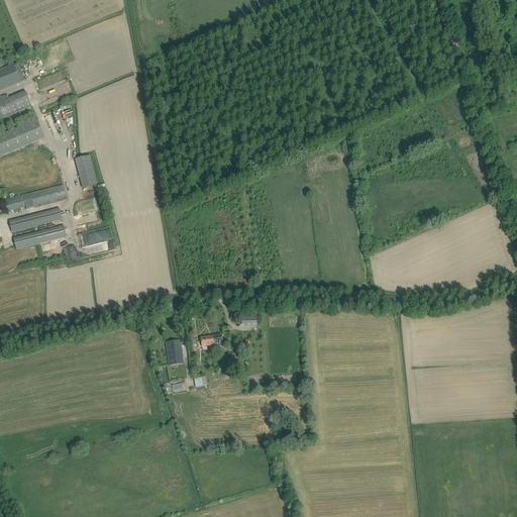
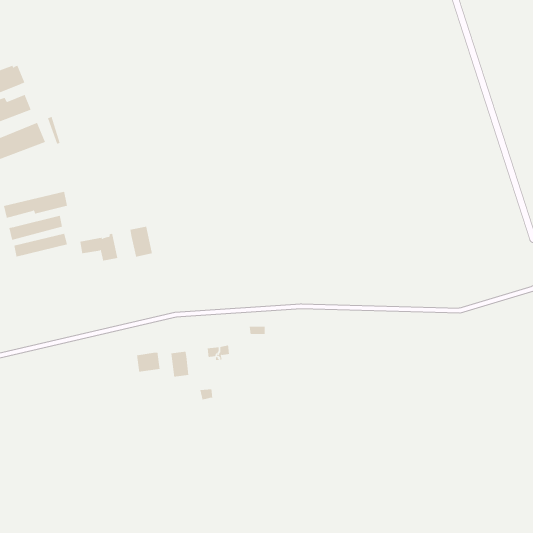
building: [74,154,96,188] -> none
building: none -> [130,226,153,257]
building: none -> [137,352,160,372]

